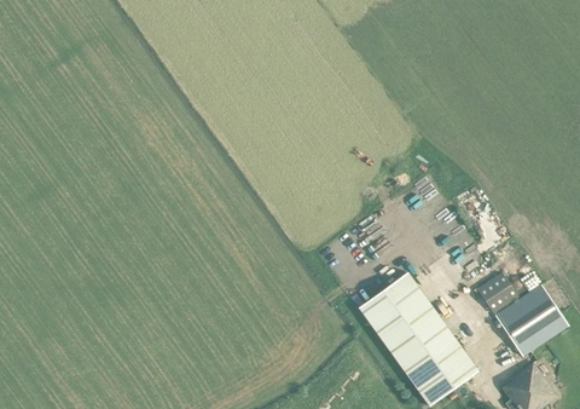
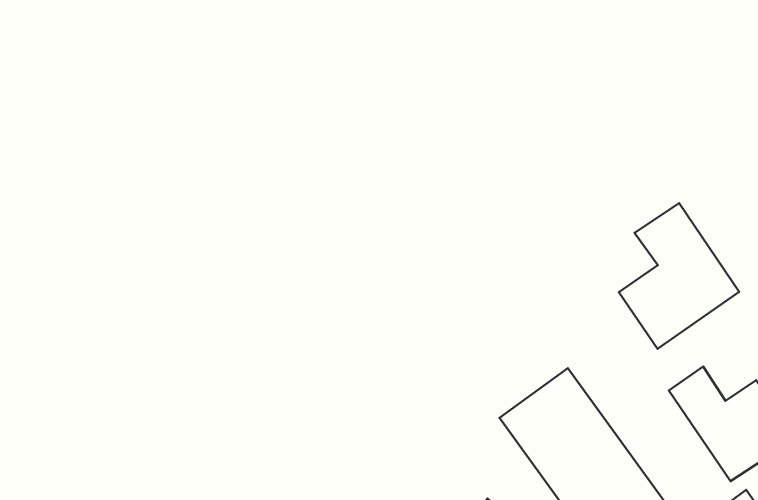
building: none -> [619,203,739,349]

